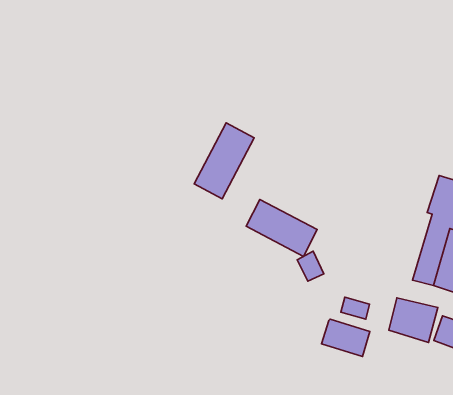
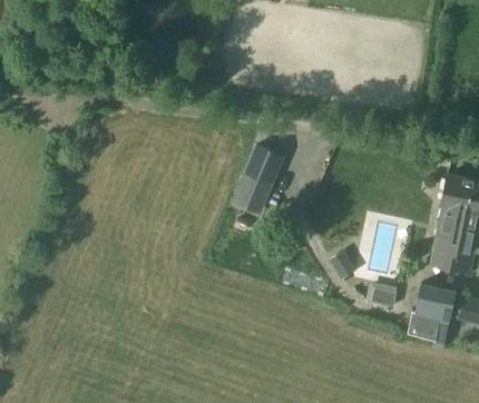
building: [246,199,317,256] -> none
building: [322,319,370,356] -> [409,314,450,344]

